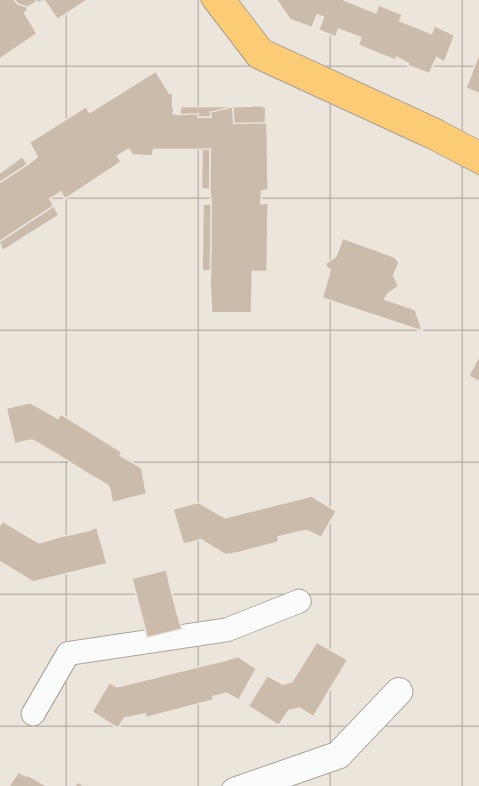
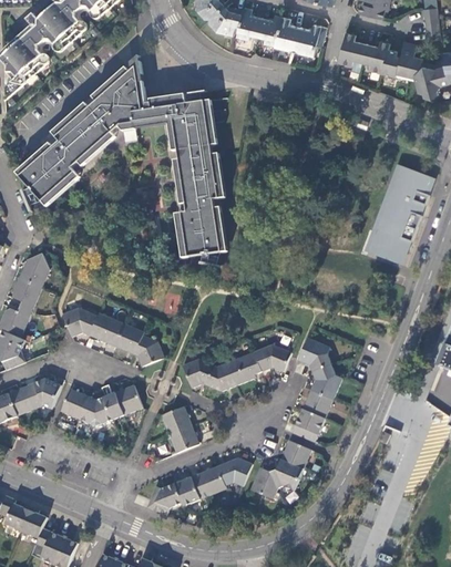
building: none -> [94,60,144,104]
building: [322,238,422,331] -> none
building: none -> [175,208,225,258]
building: none -> [291,338,342,442]

